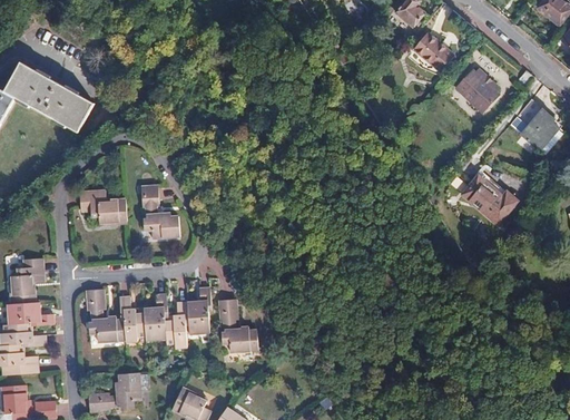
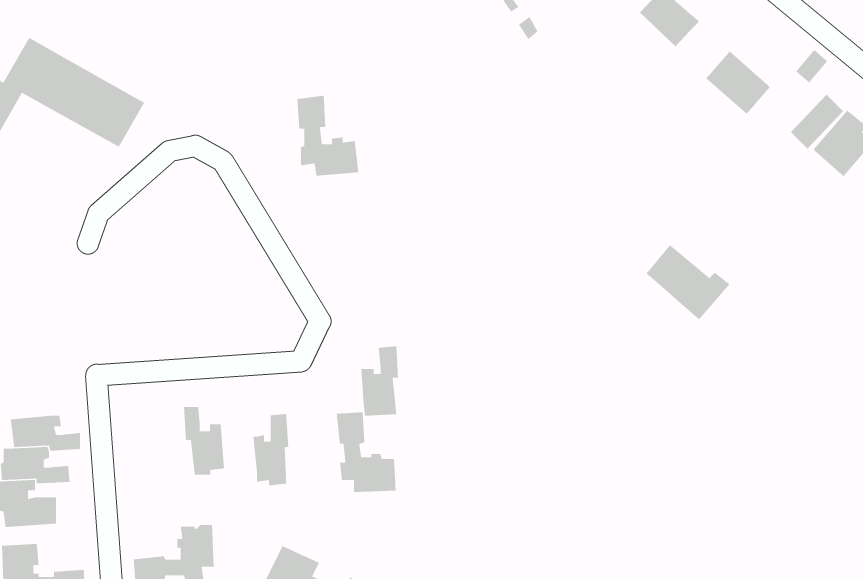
building: [461,173,515,222] -> [645,244,730,320]
building: [141,186,181,238] -> [297,95,359,176]
building: [80,193,127,226] -> none
building: [10,257,43,305] -> none
building: [187,290,212,335] -> [361,345,399,417]
building: [87,291,127,343] -> none
building: [145,295,168,341] -> none

